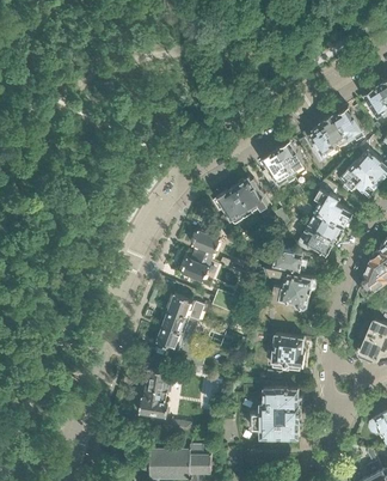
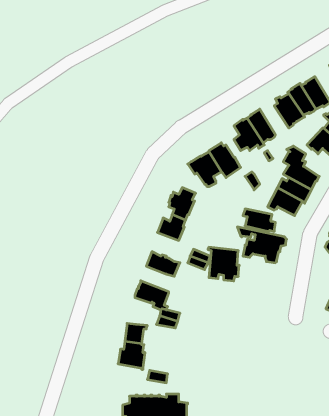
building: [161,310,196,337] -> none
building: [270,335,303,371] -> [208,247,239,281]
building: [250,388,299,438] -> none

